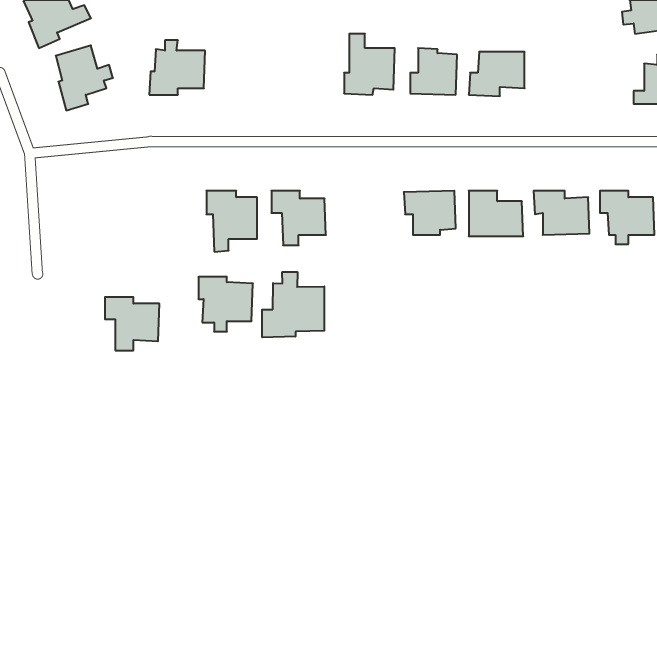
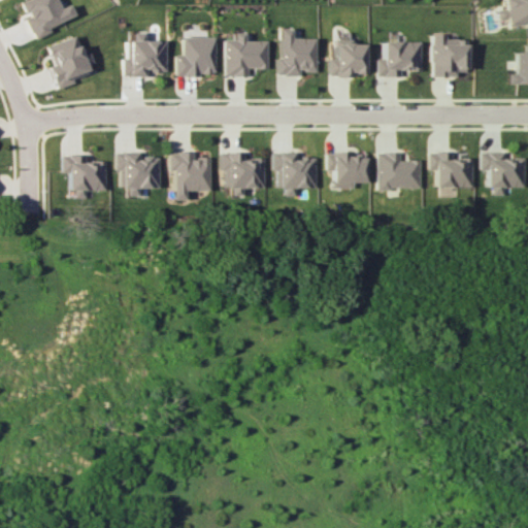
building: none -> [225,33,269,76]
building: none -> [432,35,468,77]
building: none -> [176,37,217,75]
building: none -> [272,153,317,197]
building: [262,272,324,337] -> none
building: [198,277,253,332] -> [117,153,160,196]
building: [105,297,159,350] -> [63,156,106,198]

